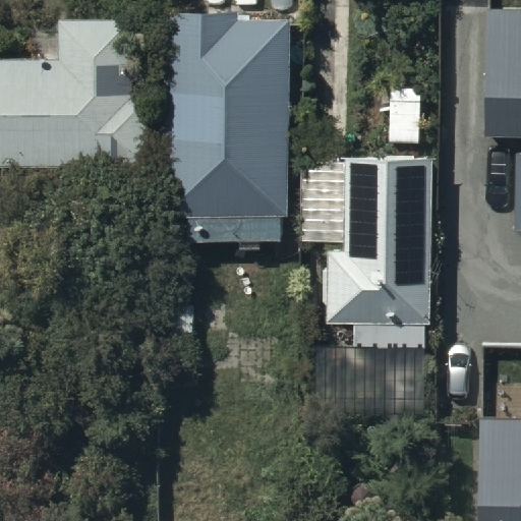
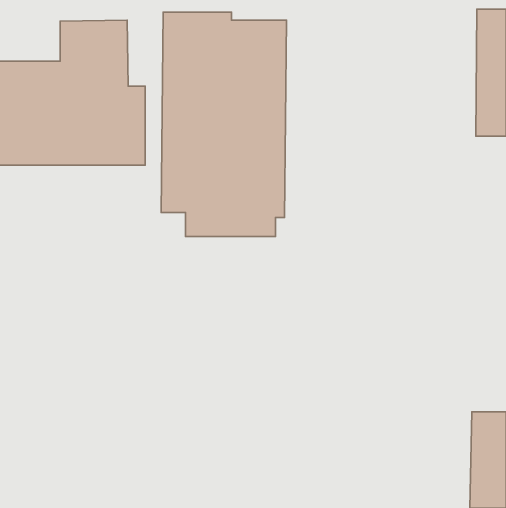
building: [327,158,433,347] -> none

